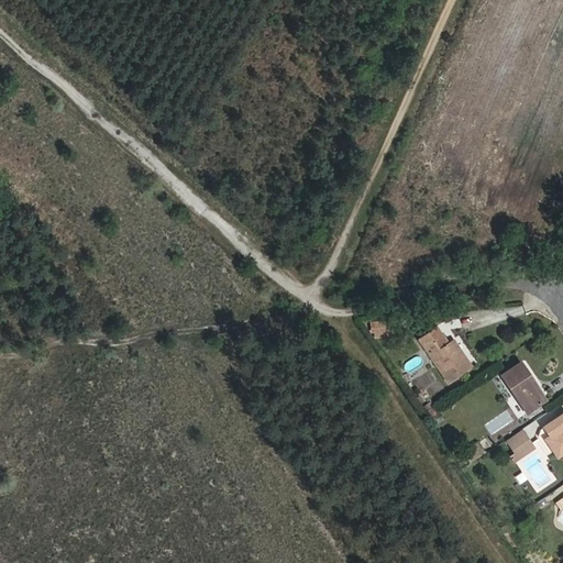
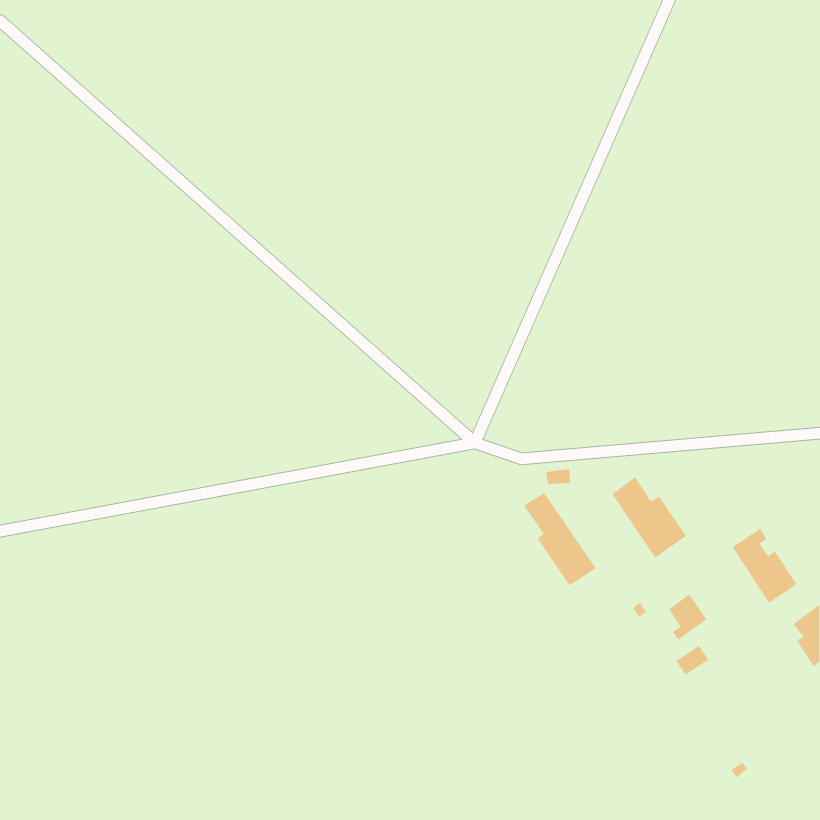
building: none -> [523,492,596,586]
building: [507,430,533,462] -> [669,594,707,640]

